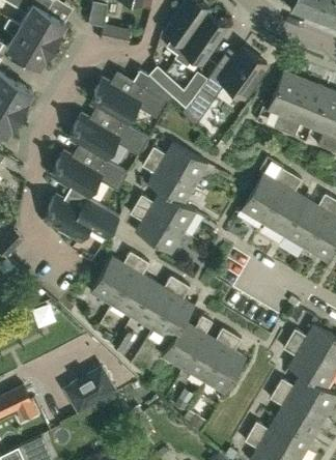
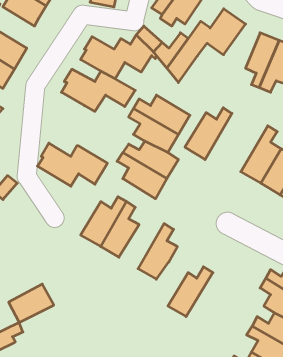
building: [52,151,128,197] -> none
building: [242,169,292,225] -> [185,108,232,160]
building: [132,276,180,329] -> none
building: [163,316,214,370] -> none
building: [204,334,247,394] -> none
building: [65,370,114,411] -> [9,284,54,322]

